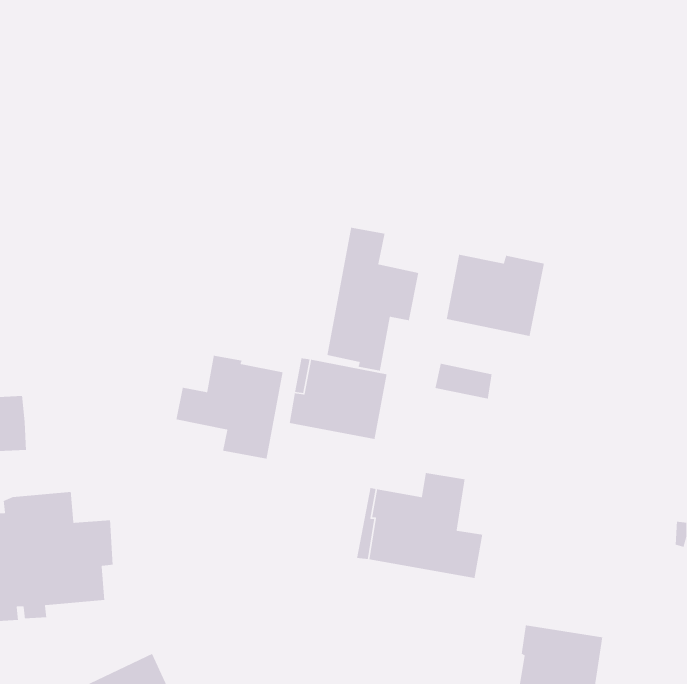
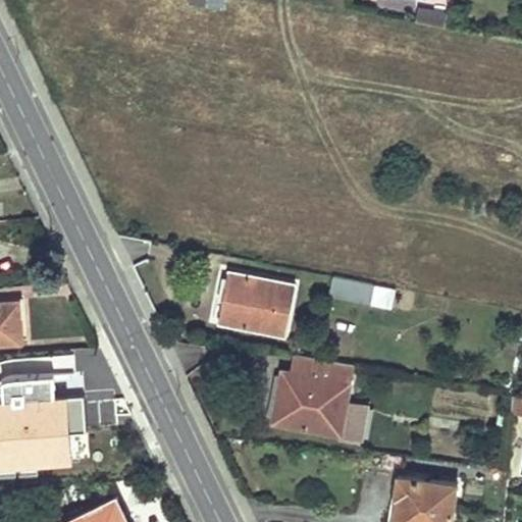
building: [326,227,419,371] -> none
building: [446,254,545,337] -> none
building: [175,355,283,459] -> none

